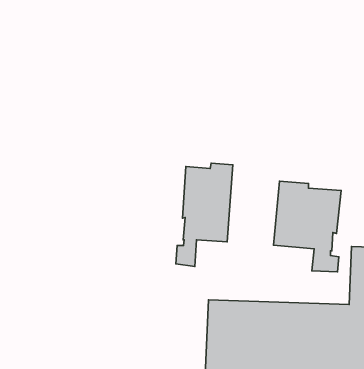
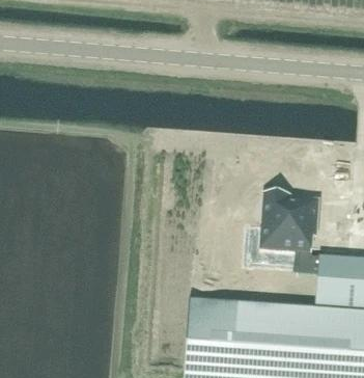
building: [176,163,233,266] -> none

